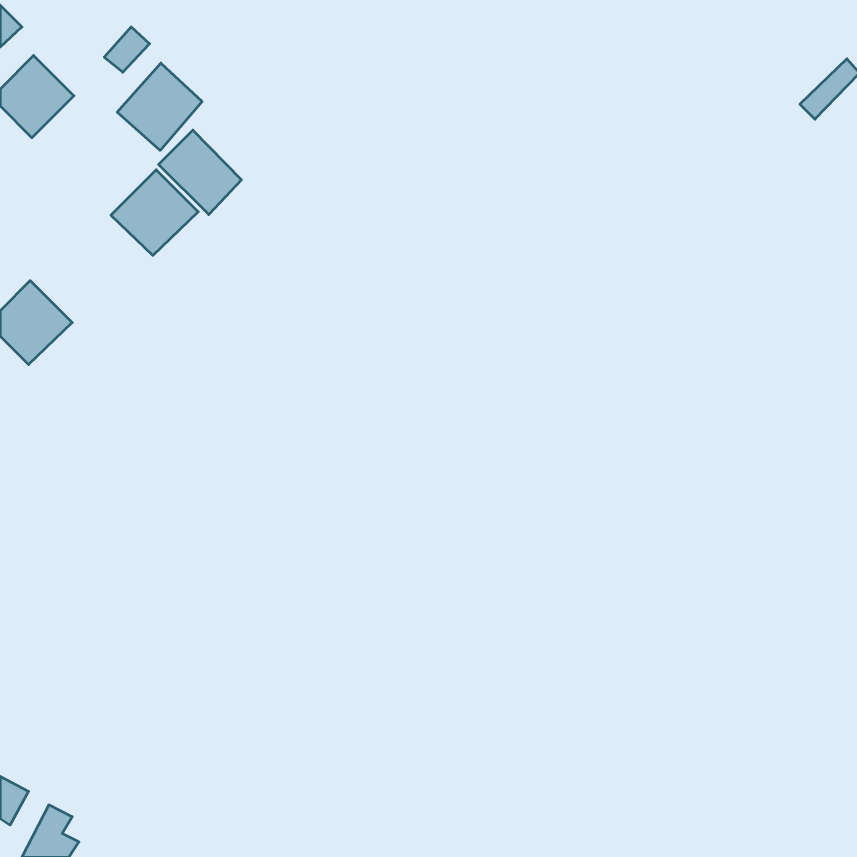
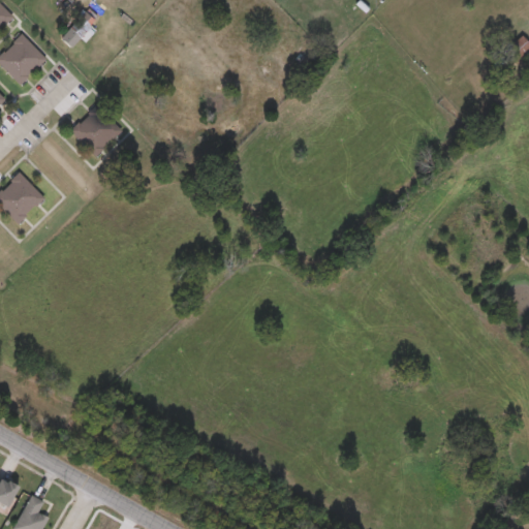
building: [117,63,202,150] -> none
building: [159,130,241,215] -> none

